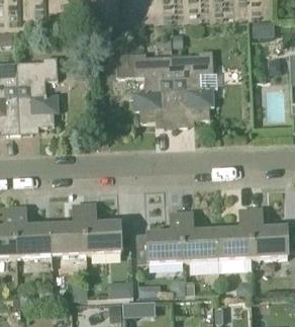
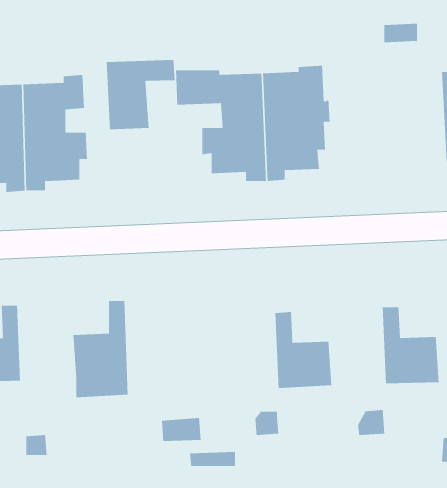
building: none -> [106,59,176,130]
building: [84,202,121,265] -> none
building: [14,206,52,256] -> none
building: [216,208,253,259] -> none
building: [146,212,183,262] -> none

